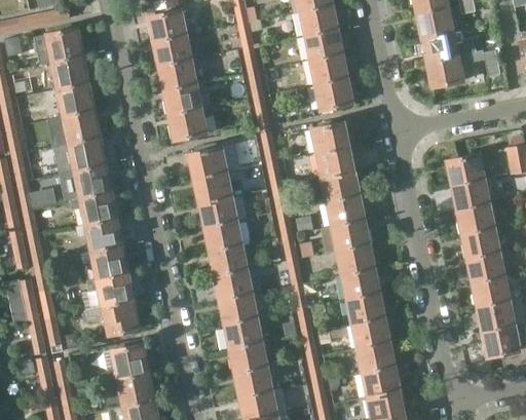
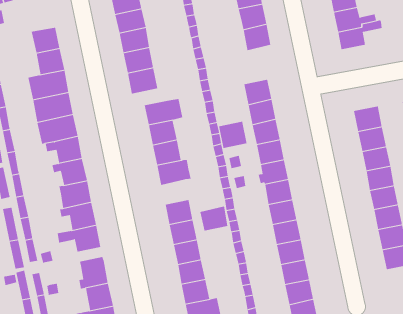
building: [34,30,83,67] -> none
building: [317,80,352,115] -> none
building: none -> [219,121,247,149]
building: [212,245,247,276] -> [200,206,228,231]

